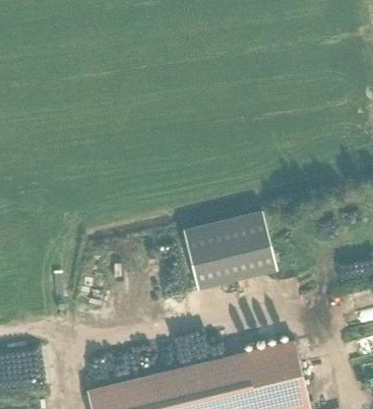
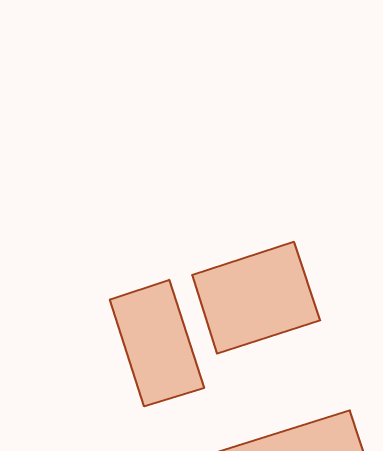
building: none -> [110,280,204,406]

